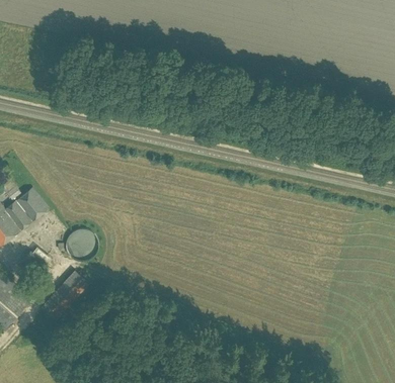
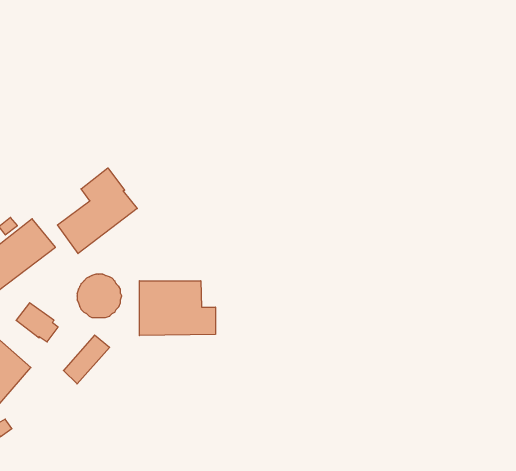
building: none -> [57,168,137,254]
building: none -> [139,281,215,336]

